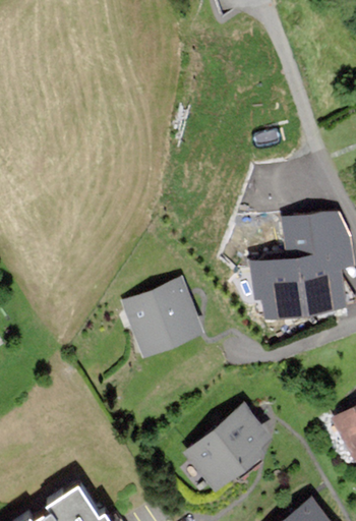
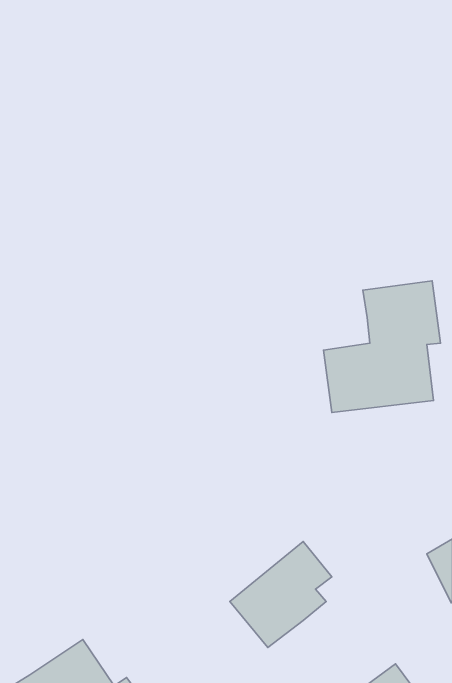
building: [124,282,202,355] -> none

